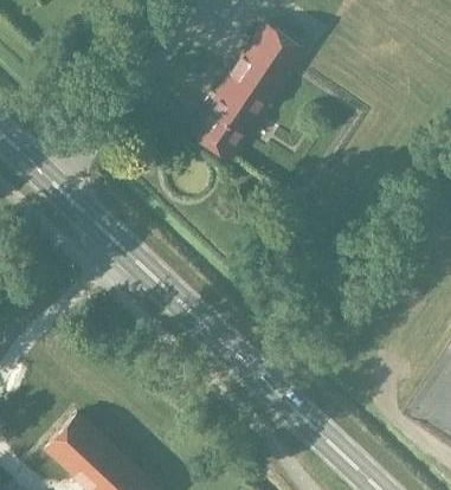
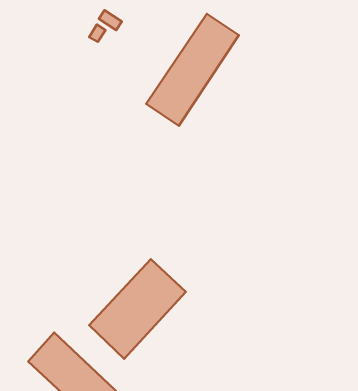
building: none -> [89,259,186,359]

